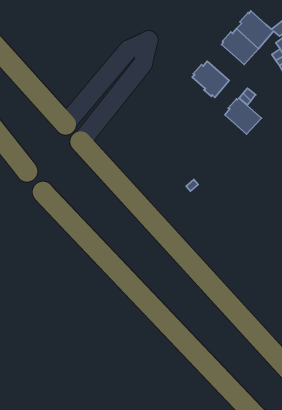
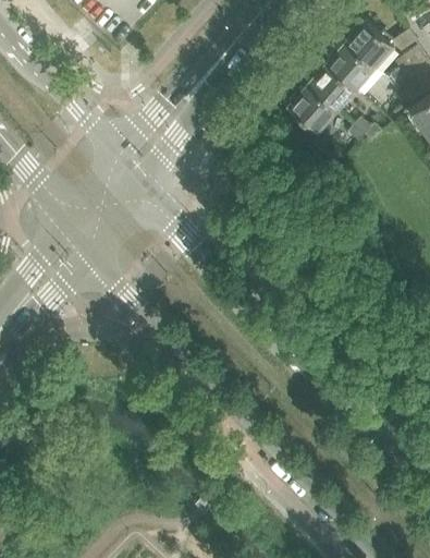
building: [225,98,262,134] -> [310,65,358,112]

